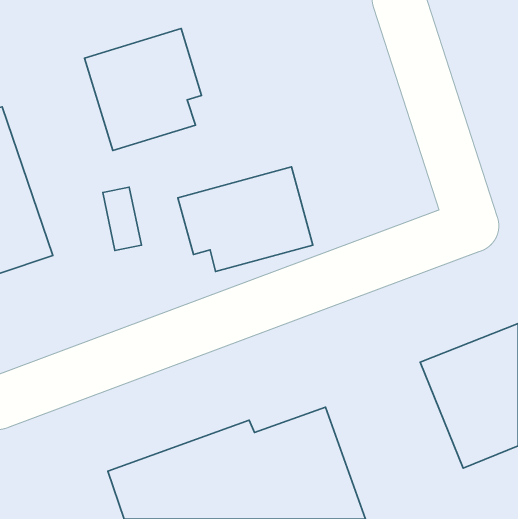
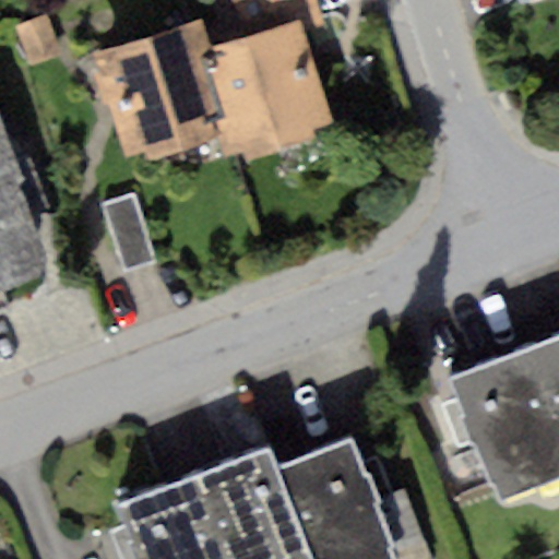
building: none -> [214,21,333,158]
building: [178,167,313,271] -> none

